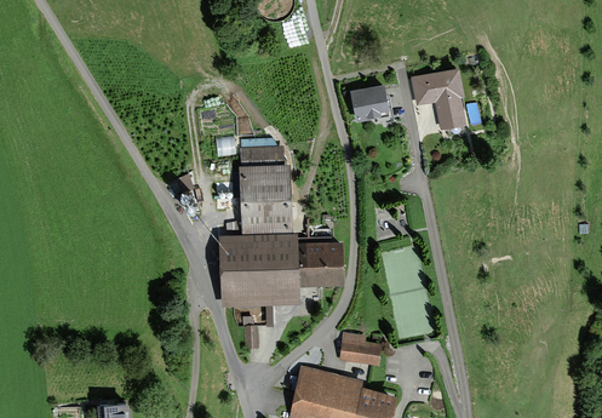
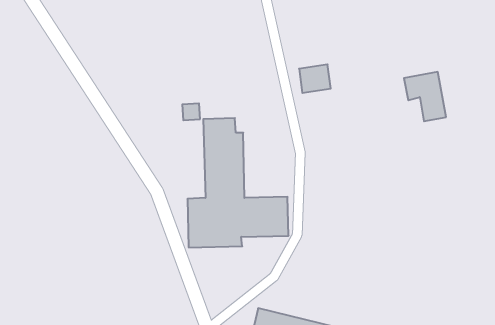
building: [417,71,465,128] -> [404,72,446,121]
building: [343,336,378,363] -> none

